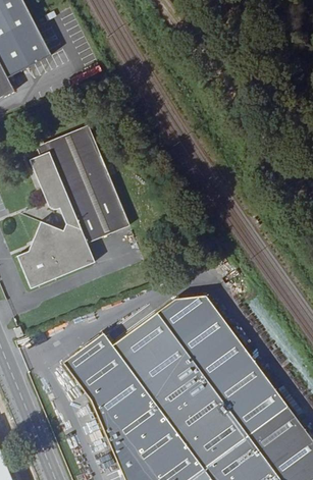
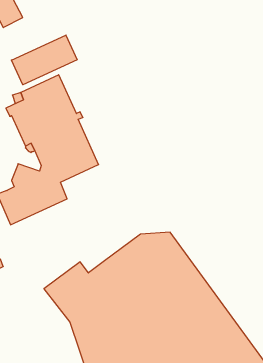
building: none -> [11,35,77,85]

